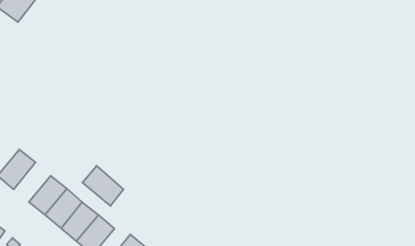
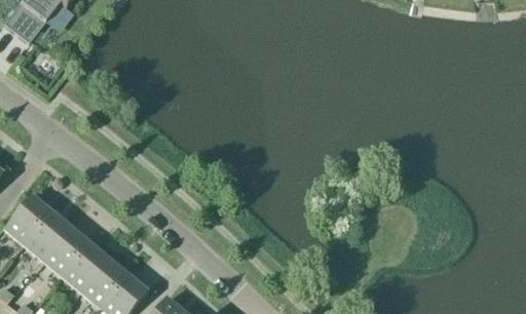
building: none -> [24,210,69,259]
building: [82,166,124,206] -> none

